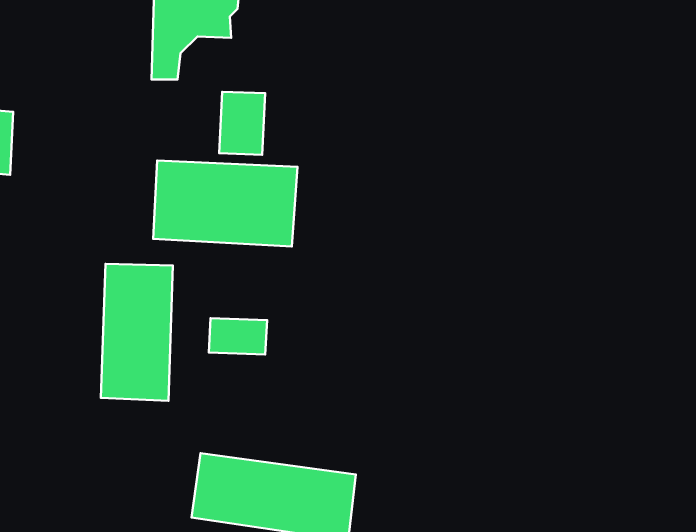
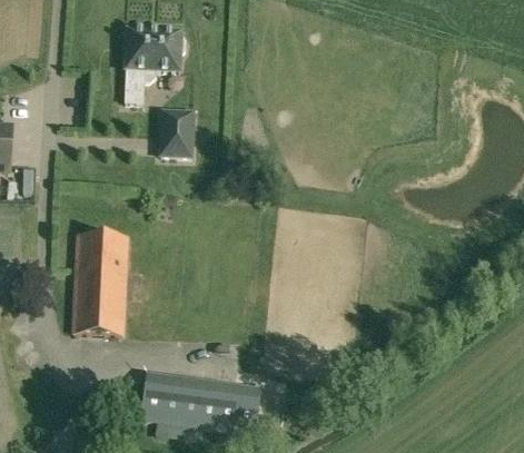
building: [153,160,297,246] -> none
building: [209,318,267,354] -> none

